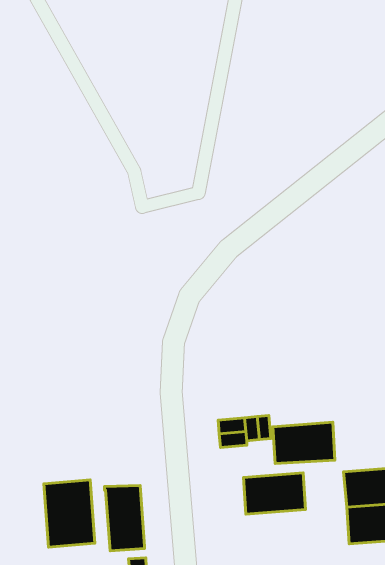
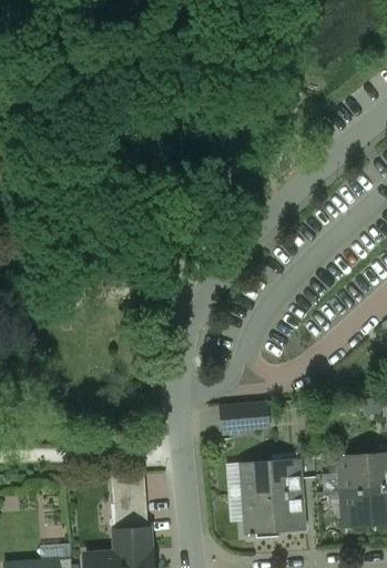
building: [273,422,335,464] -> [244,494,304,534]
building: [44,480,95,547] -> none

